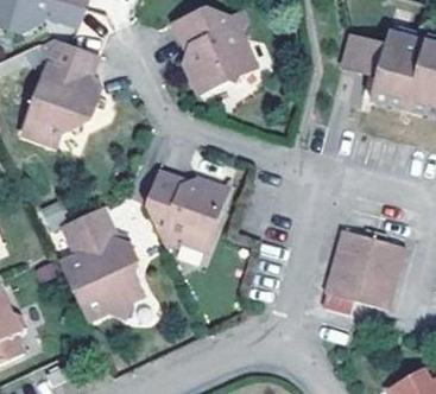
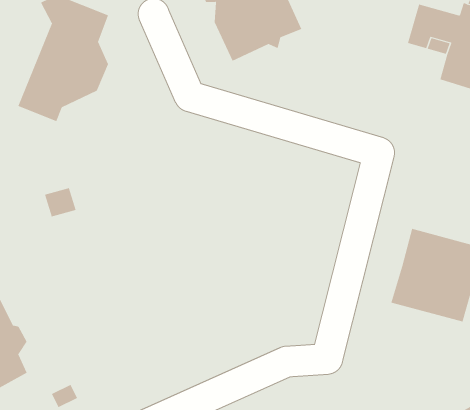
building: [147,170,228,249] -> none
building: [64,209,146,319] -> none

